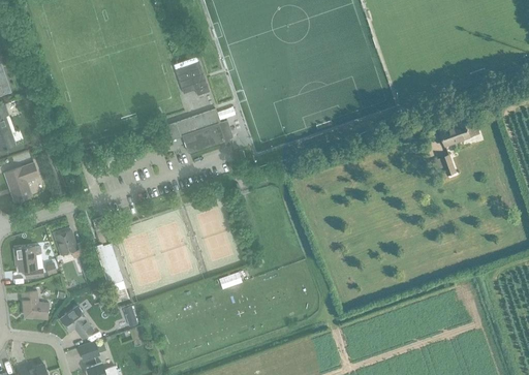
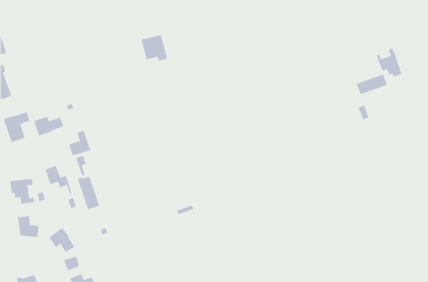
building: none -> [376,47,403,78]
building: [165,108,224,151] -> none
building: none -> [33,116,64,136]
building: none -> [68,130,92,157]

